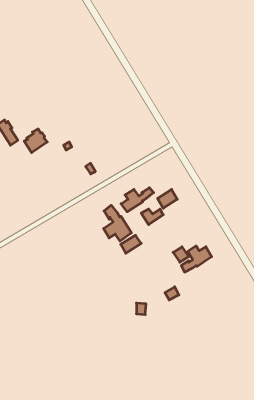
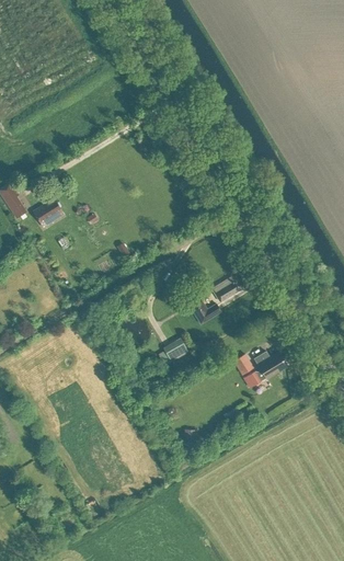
building: [121,188,154,212] -> none
building: [104,205,131,241] -> none

